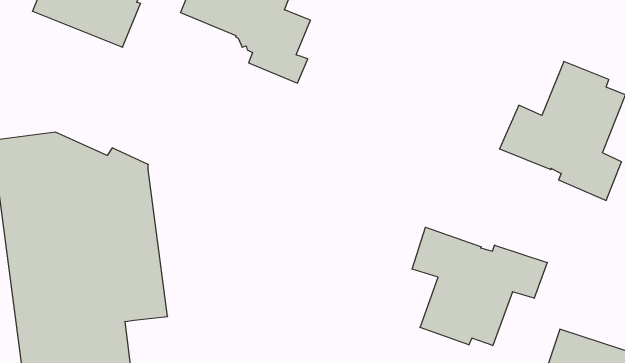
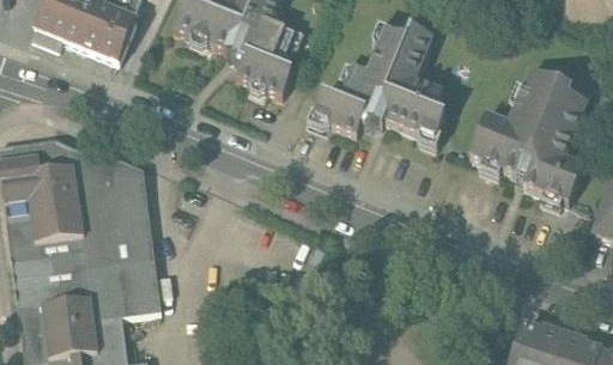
building: none -> [311,25,443,136]
building: [412,227,547,346] -> none

